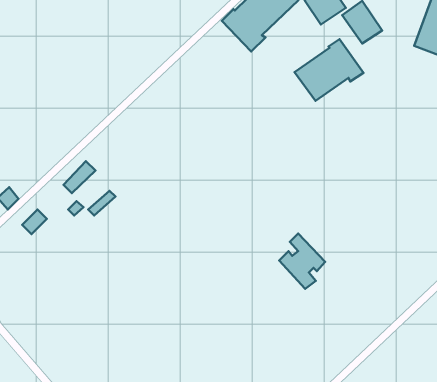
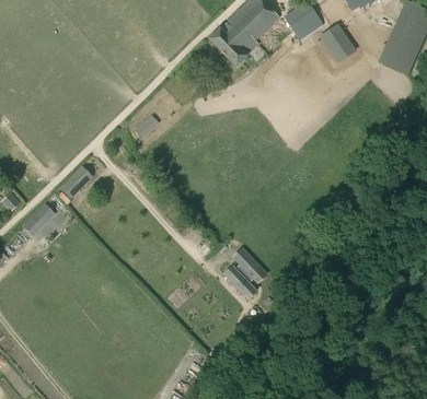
building: [294,39,363,101] -> none
building: [279,234,325,289] -> [223,248,266,300]

